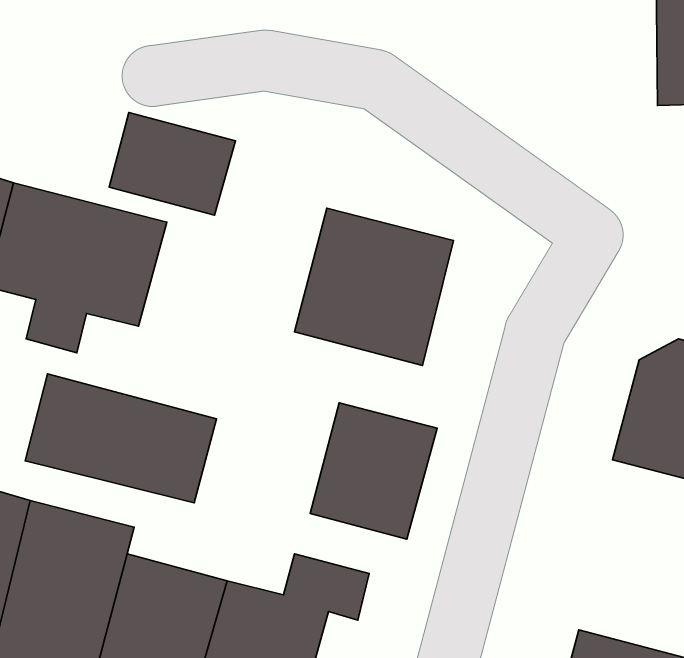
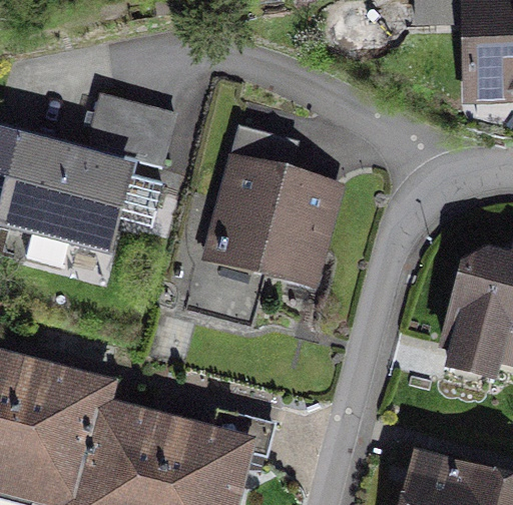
building: [25,374,216,503] -> none
building: [310,403,437,539] -> none

